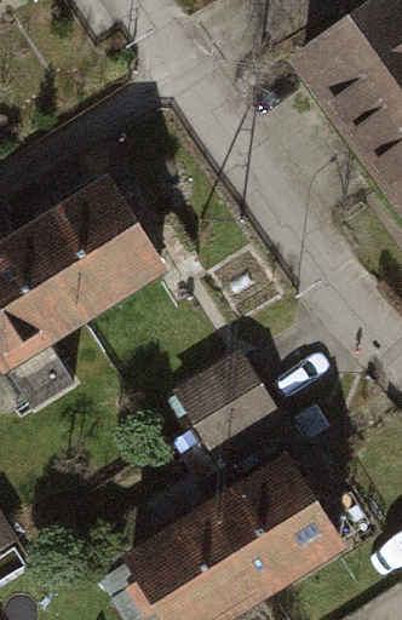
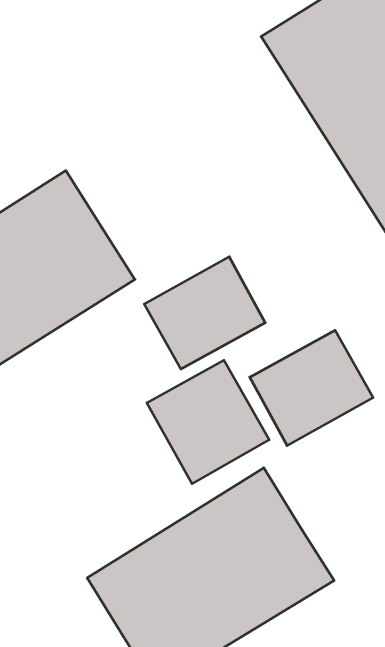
building: none -> [144,257,265,369]
building: none -> [250,330,373,446]

